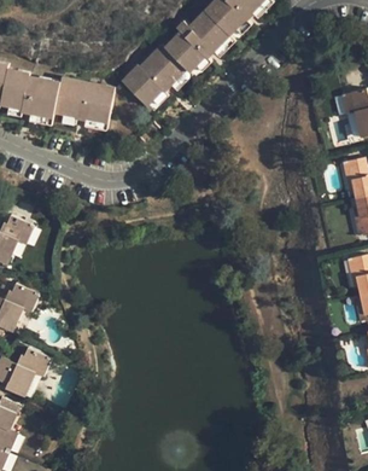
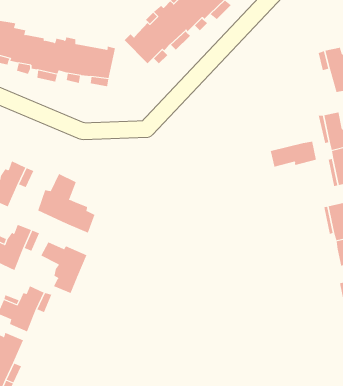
building: none -> [270,141,316,167]
building: none -> [37,173,95,233]
building: none -> [40,241,87,294]

